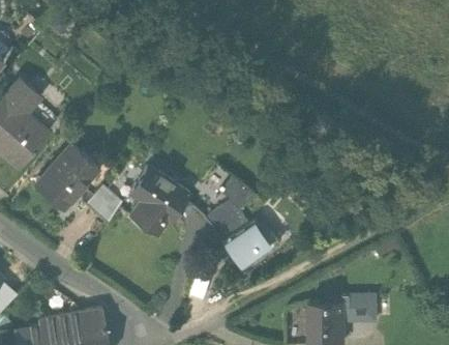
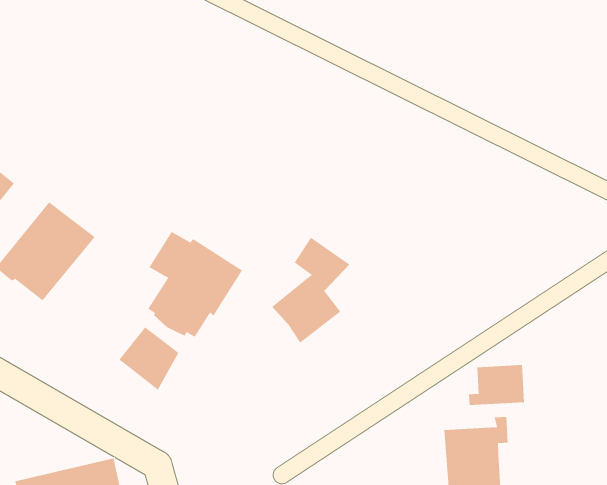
building: [84,185,122,226] -> [118,327,179,390]
building: [222,220,281,270] -> none
building: [343,295,379,319] -> [468,365,525,406]

